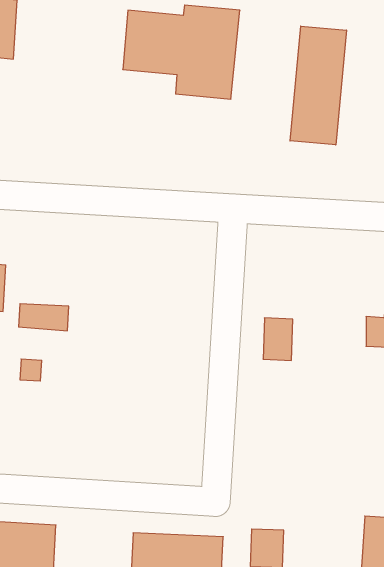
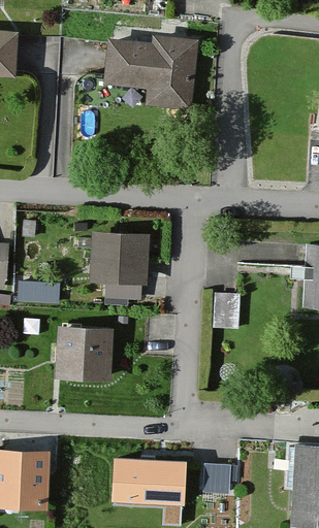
building: [290,26,346,145] -> none
building: none -> [94,231,150,284]
building: none -> [56,326,113,382]

